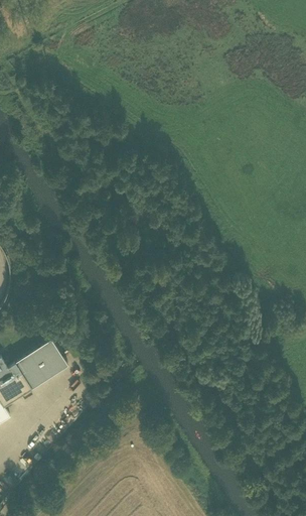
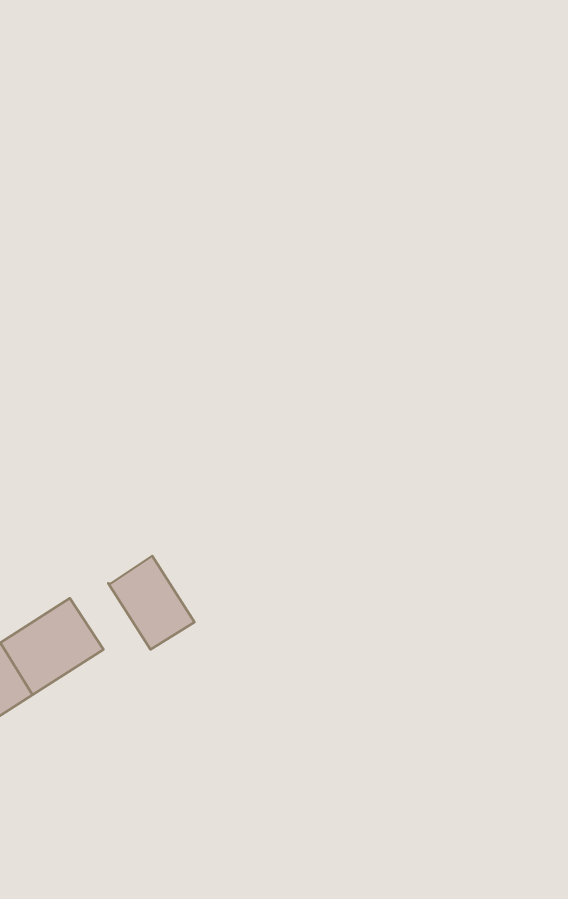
building: none -> [108,556,195,649]

